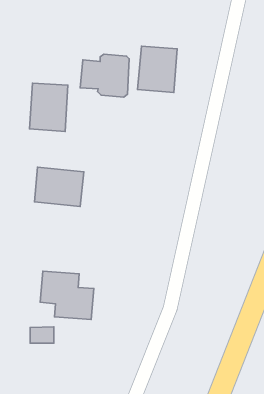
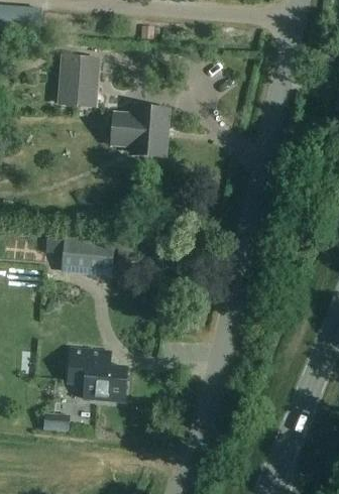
building: [138,46,177,92] -> none
building: [30,83,68,132] -> [58,56,100,110]

